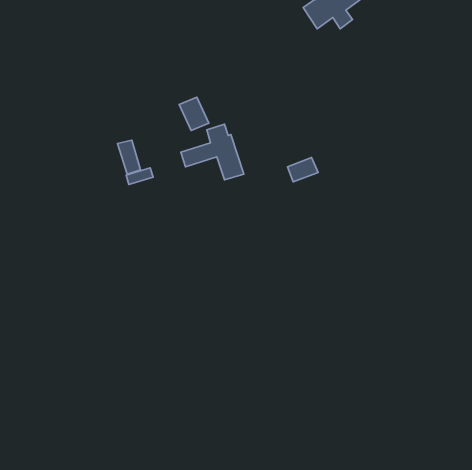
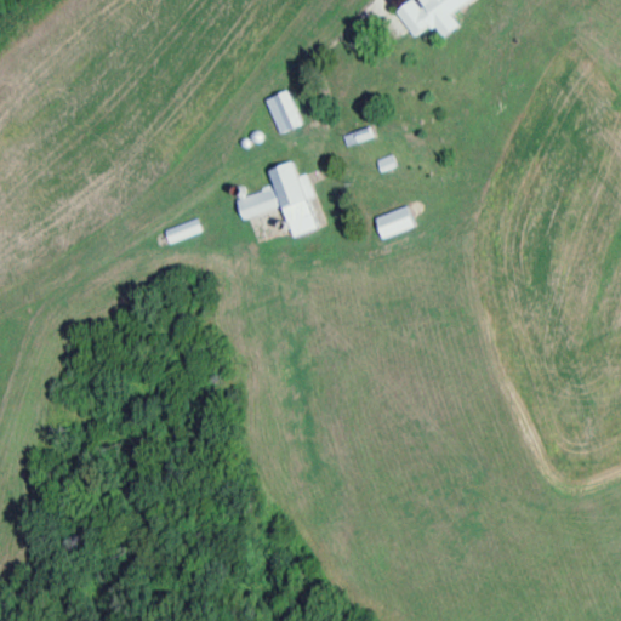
building: [179,97,209,131] -> [263,90,302,133]
building: [118,140,141,174] -> none

